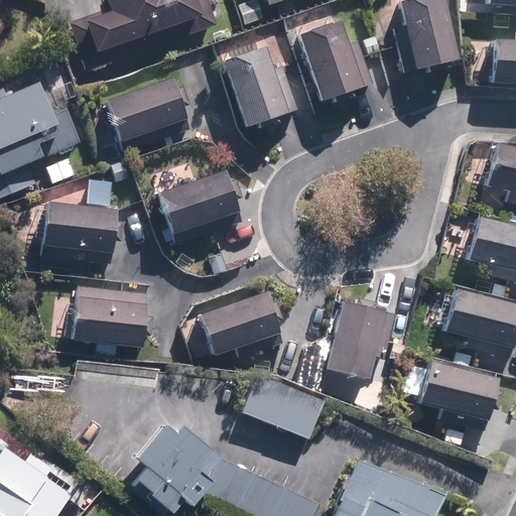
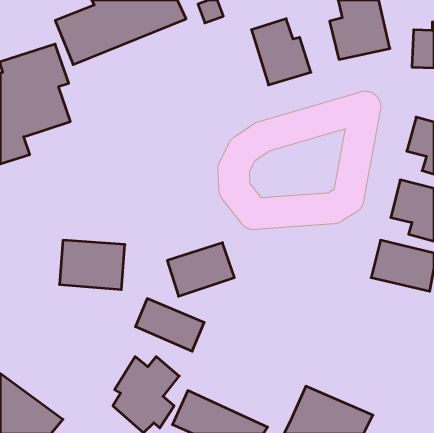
building: [223,46,312,128] -> none
building: [101,80,183,144] -> none
building: [158,168,238,231] -> none
building: [41,178,115,263] -> none
building: [301,303,394,391] -> none
building: [418,354,500,433] -> none
building: [246,376,328,438] -> [135,299,204,351]

